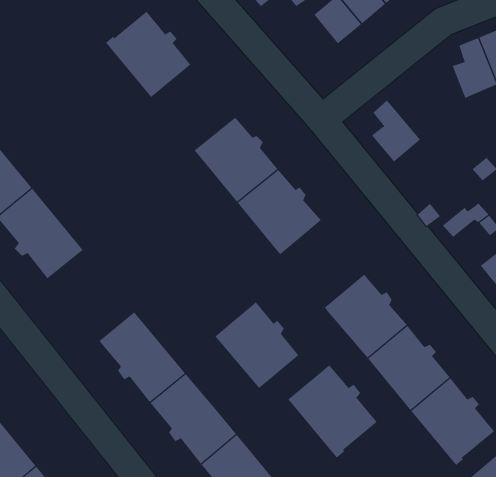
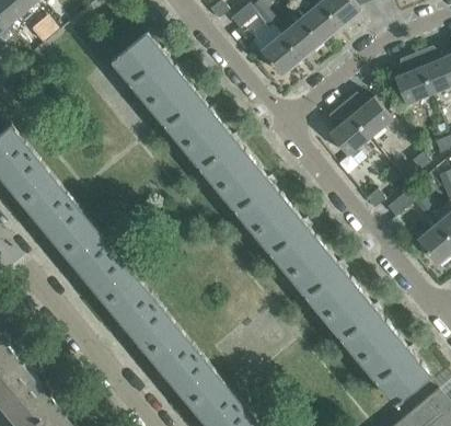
building: none -> [259,36,300,77]
building: none -> [148,77,217,147]
building: none -> [340,94,391,138]
building: none -> [63,228,135,302]
building: [215,301,299,389] -> [253,204,322,275]
building: [287,365,378,459] -> none

